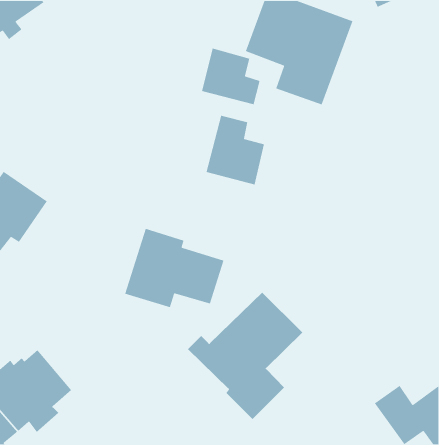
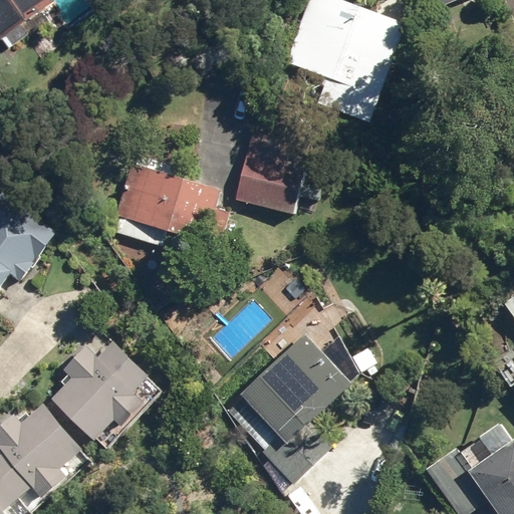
building: [201,47,261,105] -> none
building: [124,228,224,308] -> [108,155,224,247]
building: none -> [49,341,152,441]

